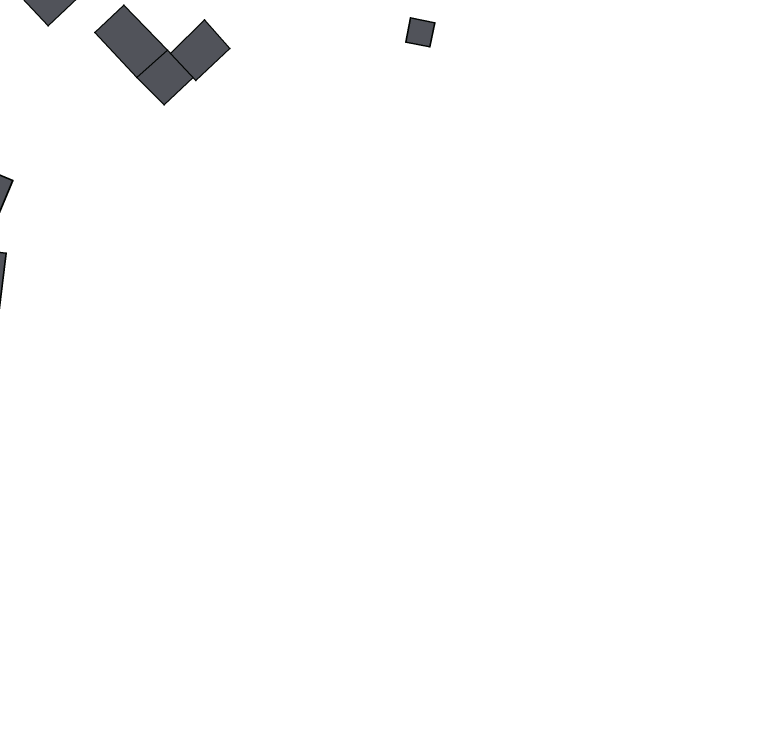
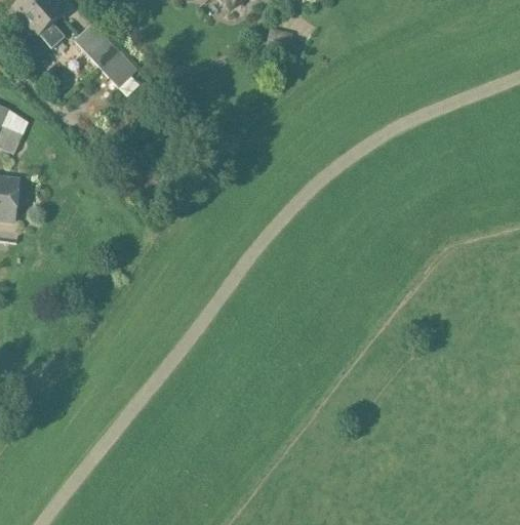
building: [170,20,230,80] -> none

